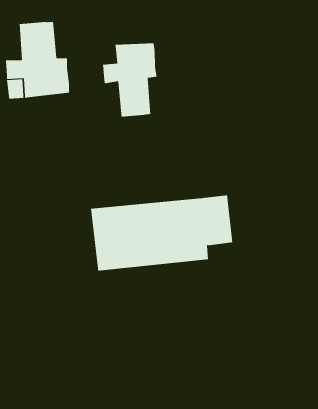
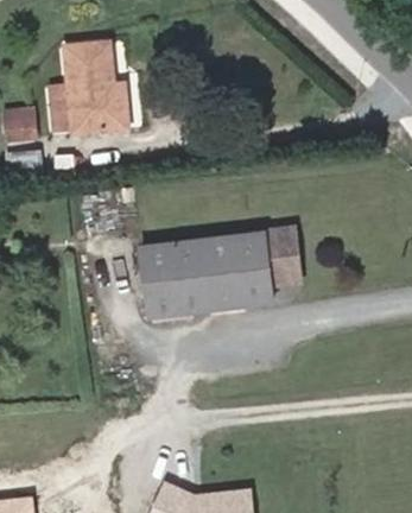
building: [102,43,157,117] -> none

